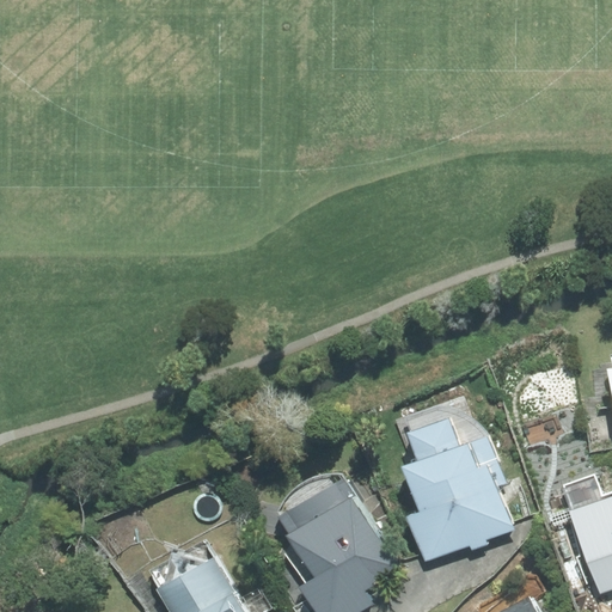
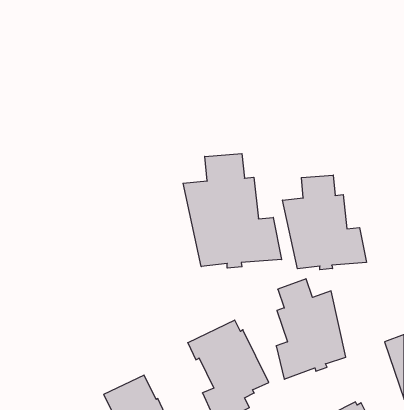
building: none -> [183,154,282,268]
building: none -> [283,175,366,270]

